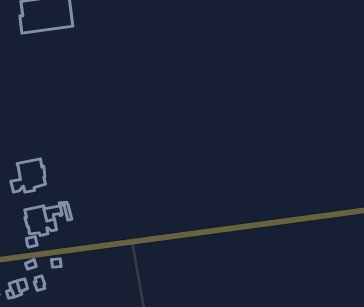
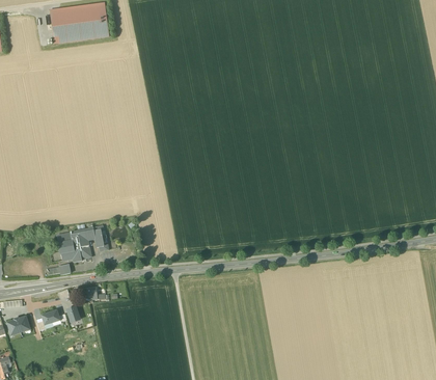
building: [11,159,46,192] -> none

